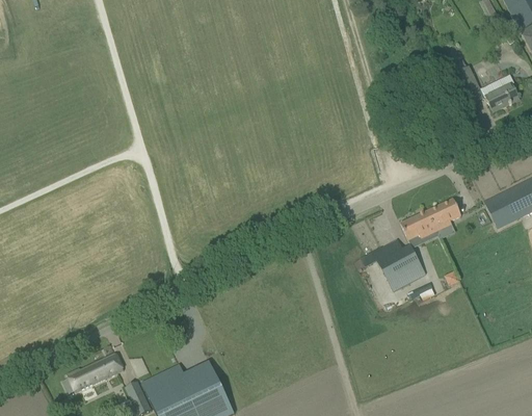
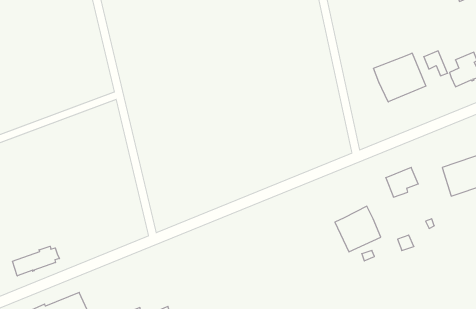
building: none -> [374,53,426,102]
building: [400,210,436,239] -> none
building: none -> [13,246,59,276]

